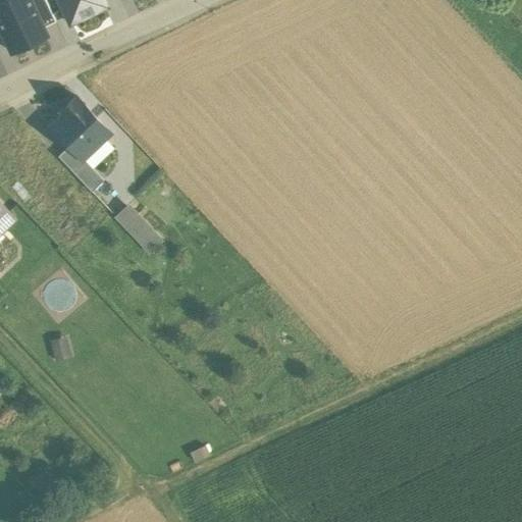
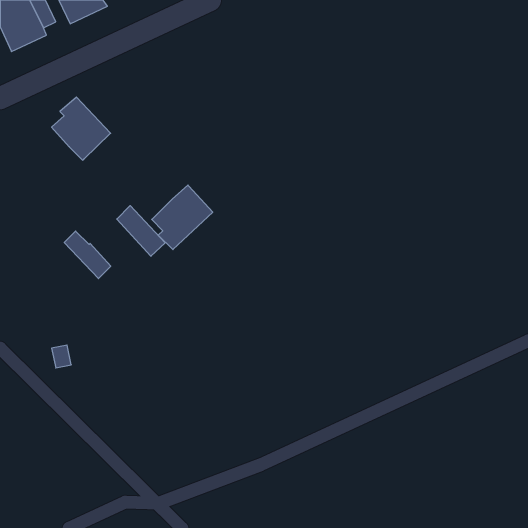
building: [57,145,103,192] -> [64,231,111,279]
building: none -> [152,185,213,250]

